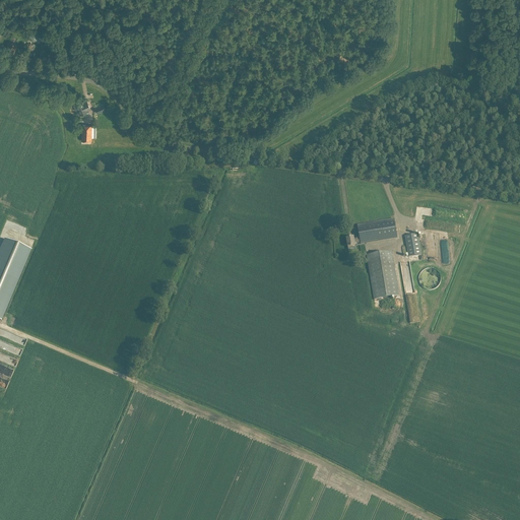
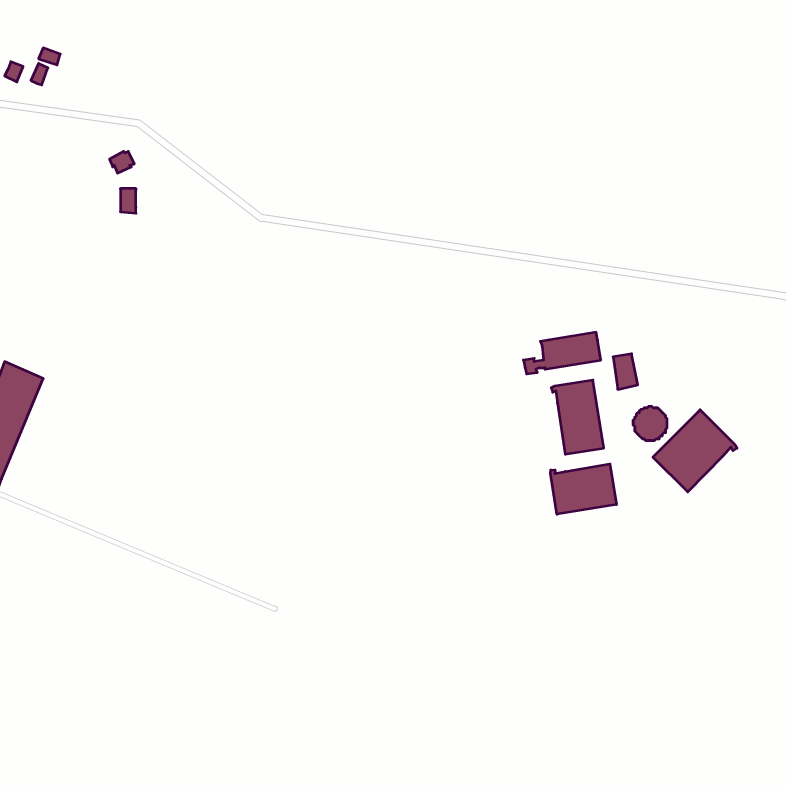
building: none -> [653,410,737,492]
building: none -> [550,464,616,514]

